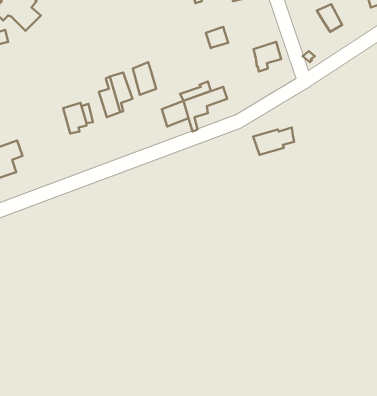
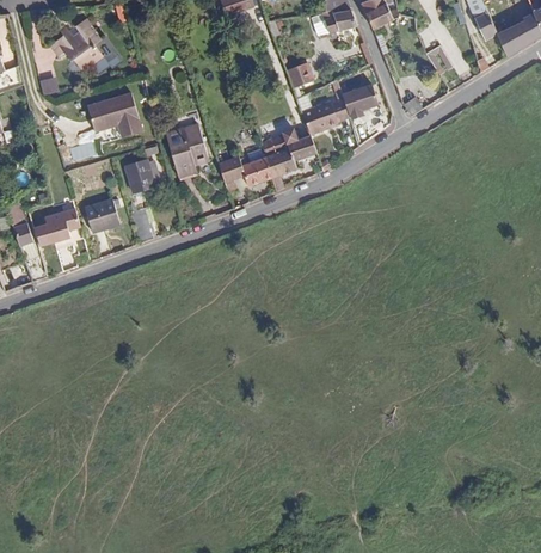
building: none -> [86,92,141,137]
building: [133,62,156,95] -> [219,154,246,192]
building: [253,127,294,155] -> [305,105,352,137]
building: none -> [81,199,116,232]

